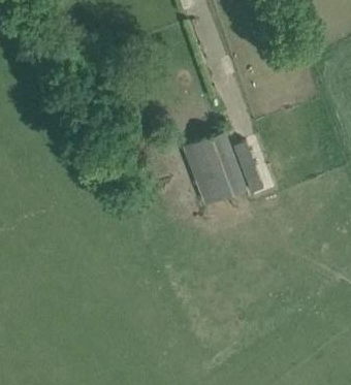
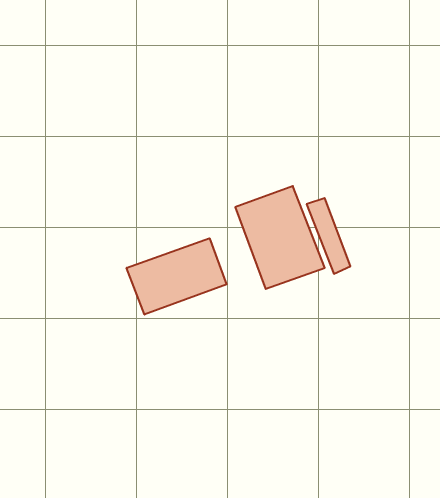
building: none -> [127,238,227,315]

